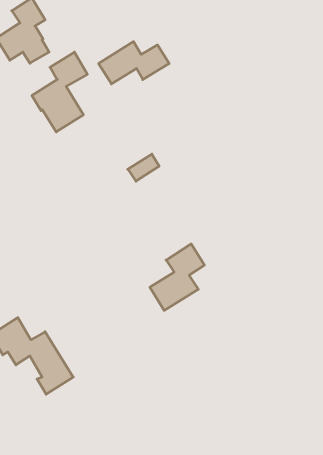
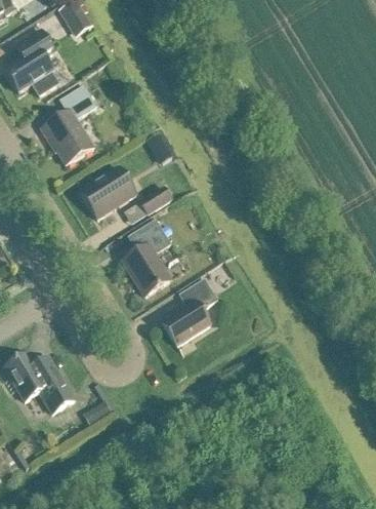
building: [99,42,169,84] -> none
building: none -> [80,166,136,218]
building: none -> [124,219,171,295]

